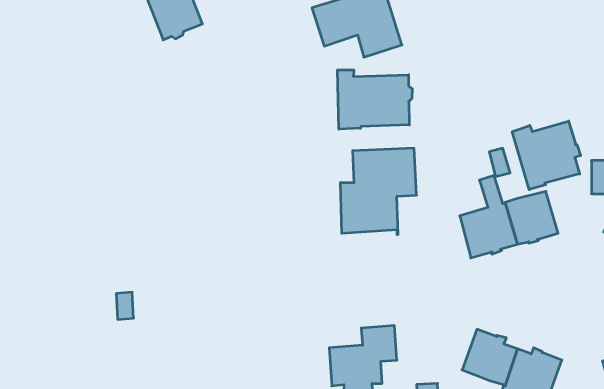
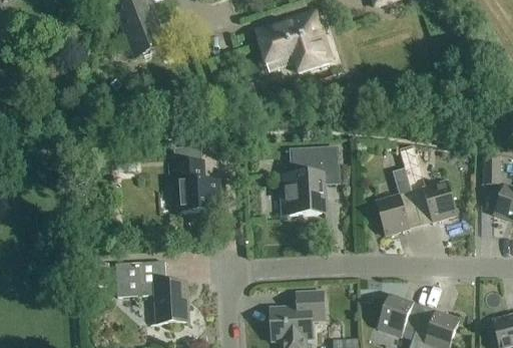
building: [338,70,412,129] -> none
building: [512,121,581,190] -> none
building: none -> [169,146,219,212]
building: none -> [115,260,187,322]

